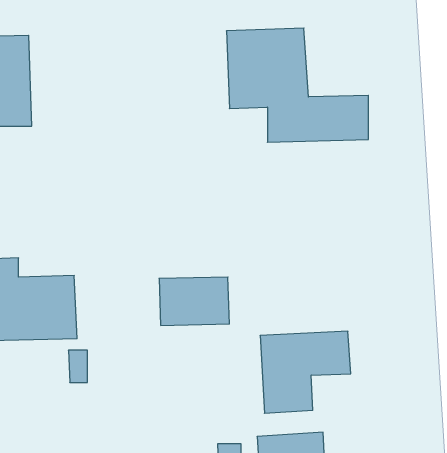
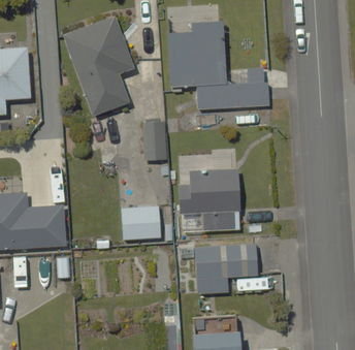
building: none -> [61,14,132,115]
building: none -> [142,121,165,159]
building: none -> [179,172,240,231]

